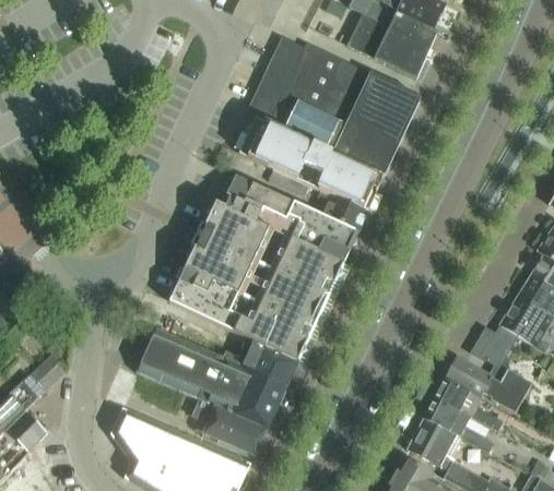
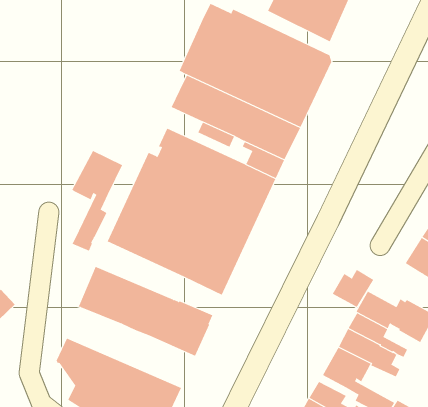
building: none -> [72,150,123,251]
building: [472,325,519,368] -> [332,269,374,307]
building: [243,340,298,384] -> none
building: [191,399,267,456] -> none

